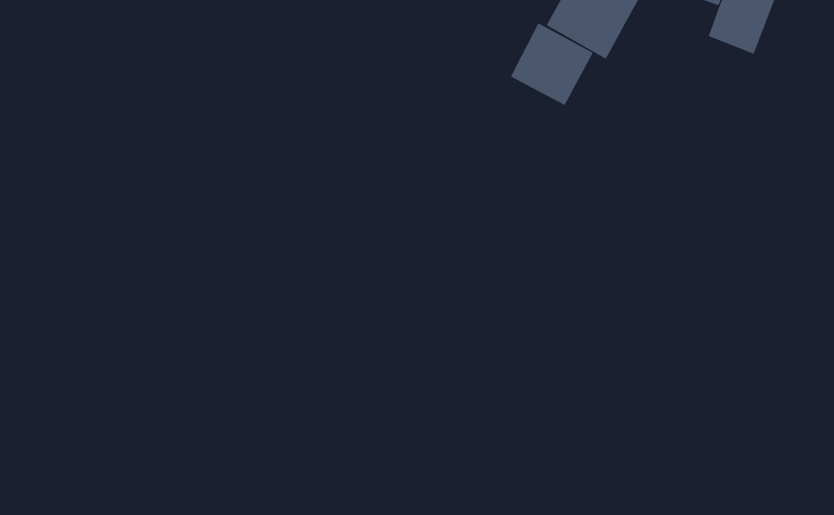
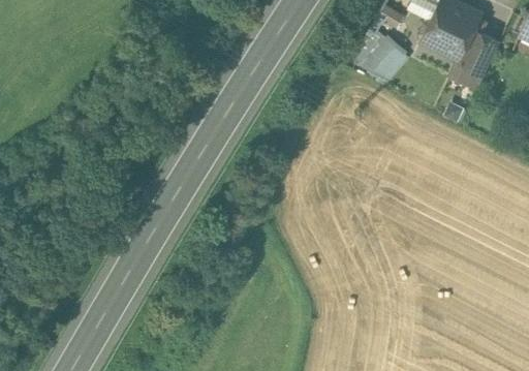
building: [510,23,594,106] -> none

